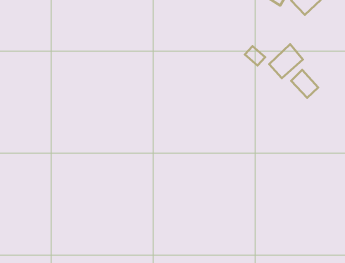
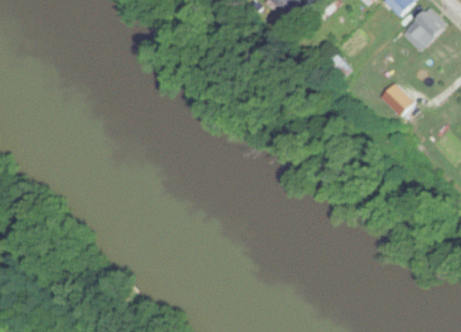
building: none -> [402,13,439,50]
building: [269,44,303,78] -> none

